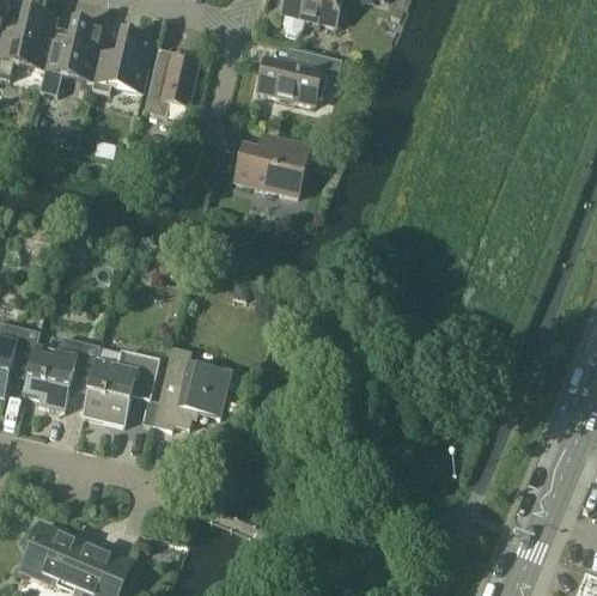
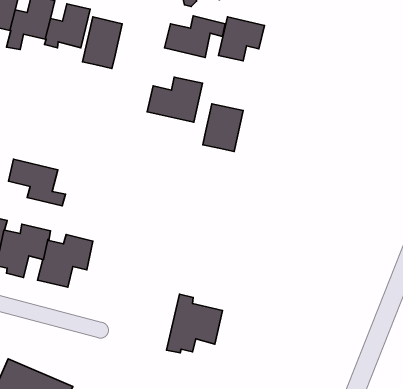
building: none -> [219,17,264,61]
building: none -> [203,104,243,152]
building: none -> [9,159,66,206]
building: [152,347,230,428] -> [166,294,223,353]

